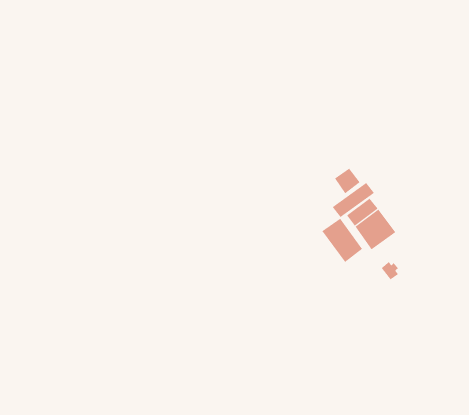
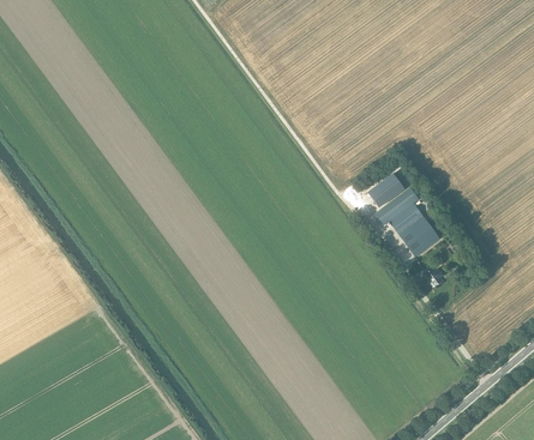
building: [321,218,363,263] -> none

